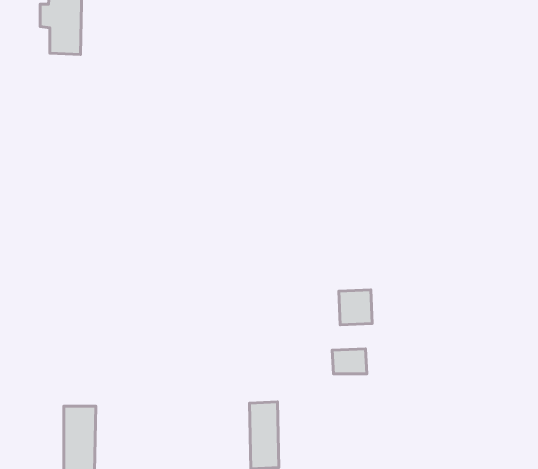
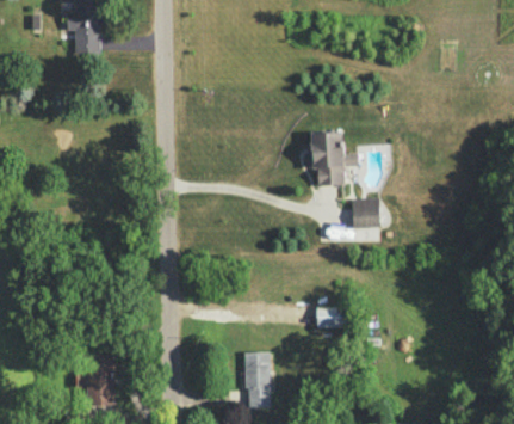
building: none -> [309,131,357,185]
building: [339,290,372,325] -> [352,198,380,228]

